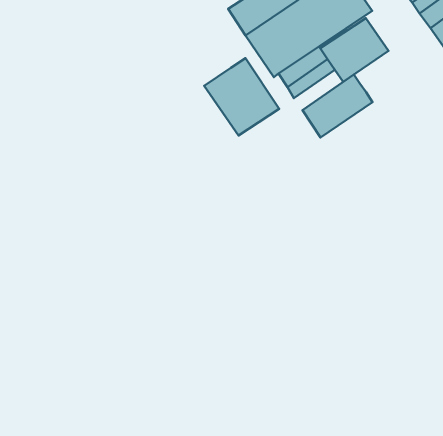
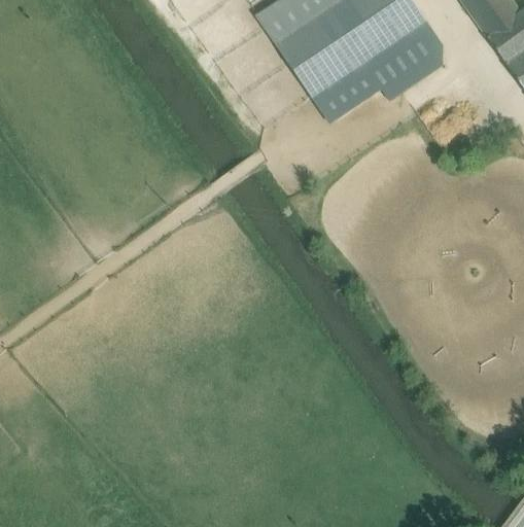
building: [204,58,279,135] -> none
building: [302,74,373,138] -> none

